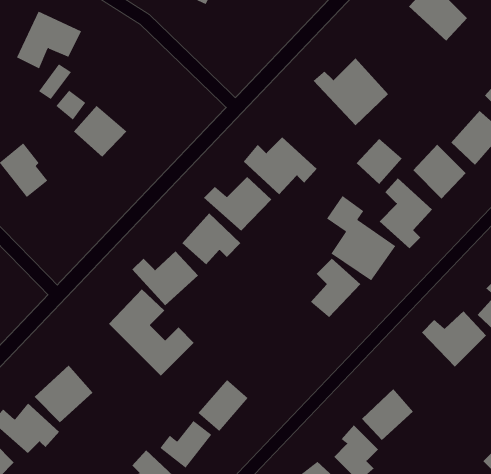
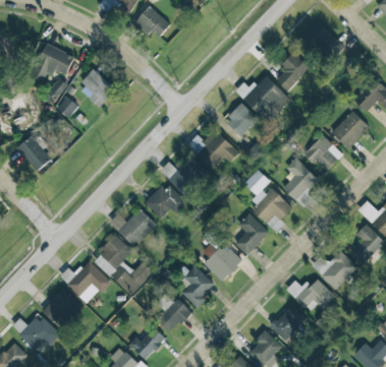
building: none -> [276,52,310,90]
building: [73,105,127,158] -> [77,70,115,107]
building: [356,138,403,185] -> [225,104,258,136]
building: none -> [202,231,241,282]
building: none -> [59,260,111,303]
building: none -> [178,265,213,308]
building: none -> [286,280,334,311]

